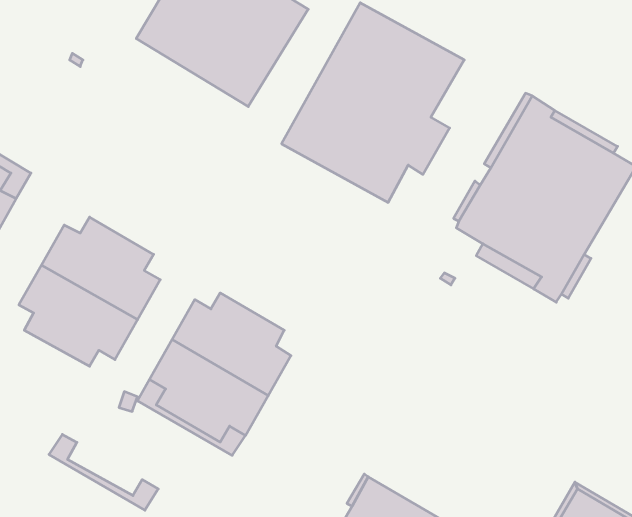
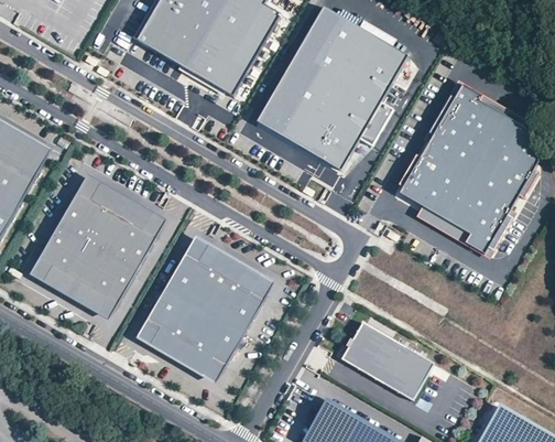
building: none -> [76,173,165,236]
building: none -> [184,236,273,299]
building: none -> [338,322,431,400]
building: [49,434,158,510] -> [28,257,118,320]

